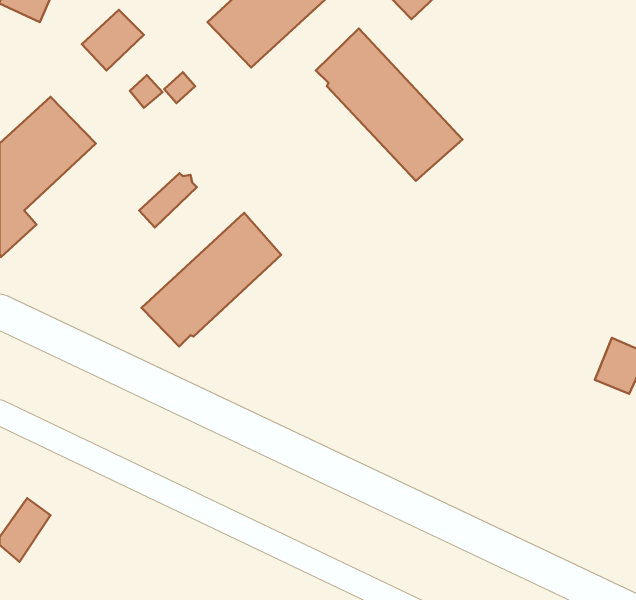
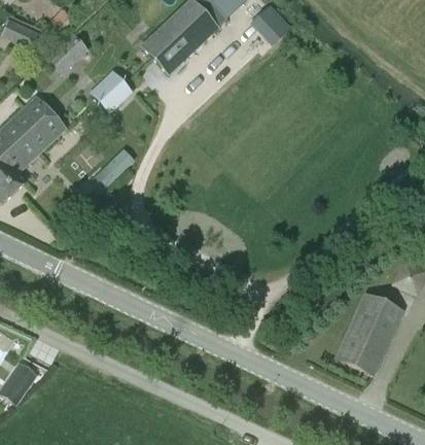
building: [316,28,462,181] -> none
building: [141,213,281,347] -> none
building: none -> [335,294,401,374]

